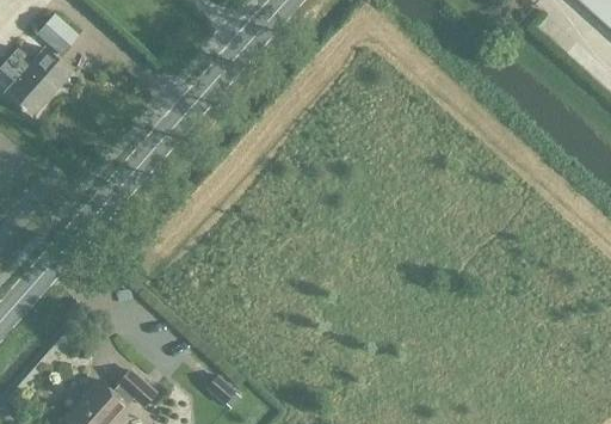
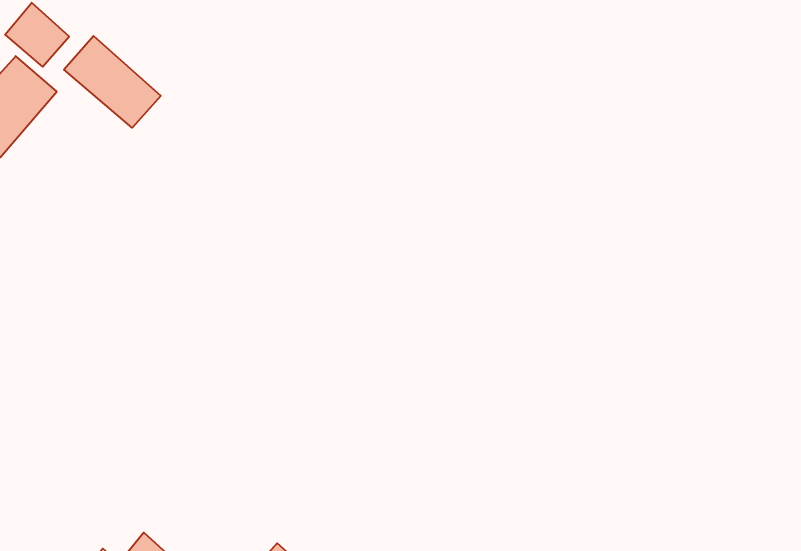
building: none -> [64,36,161,128]

